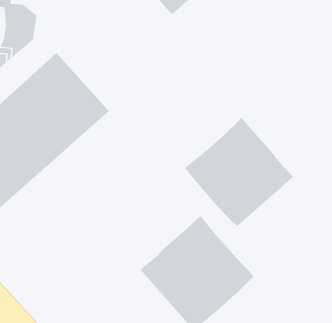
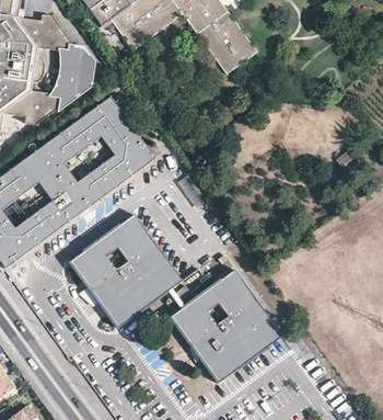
building: [185,117,294,227] -> none
building: none -> [70,216,182,327]

